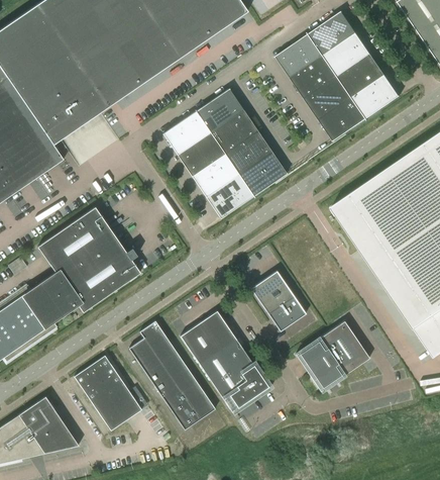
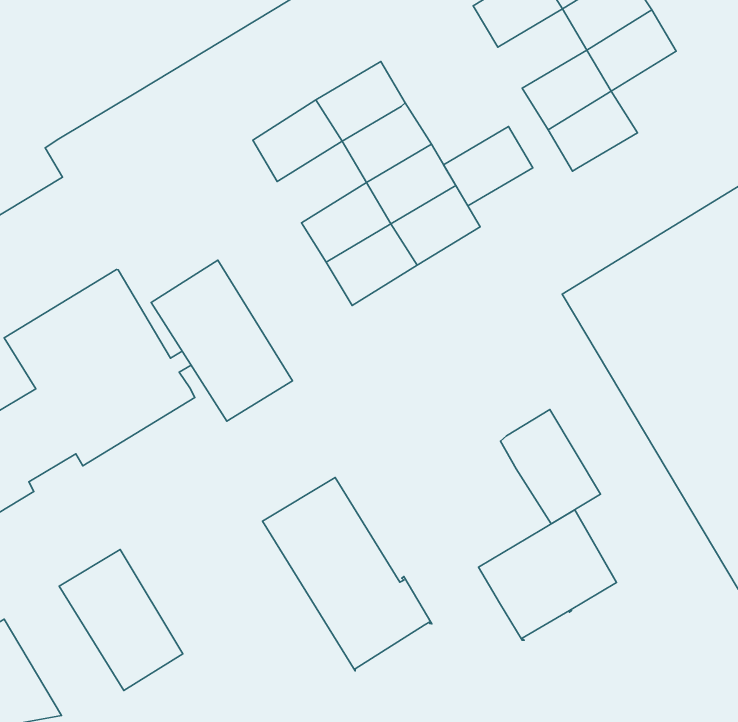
building: [291,56,338,99] -> [444,126,533,206]
building: [352,75,400,119] -> none
building: [178,132,225,177] -> none
building: none -> [151,260,292,421]
building: [251,271,306,331] -> [501,410,600,524]
building: [129,321,216,430] -> none

